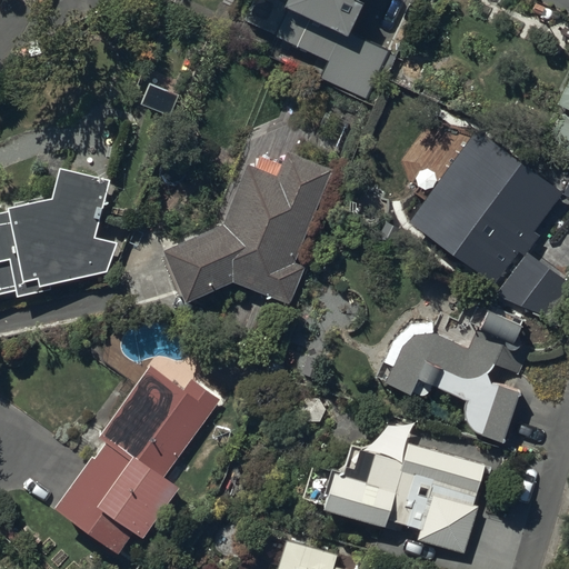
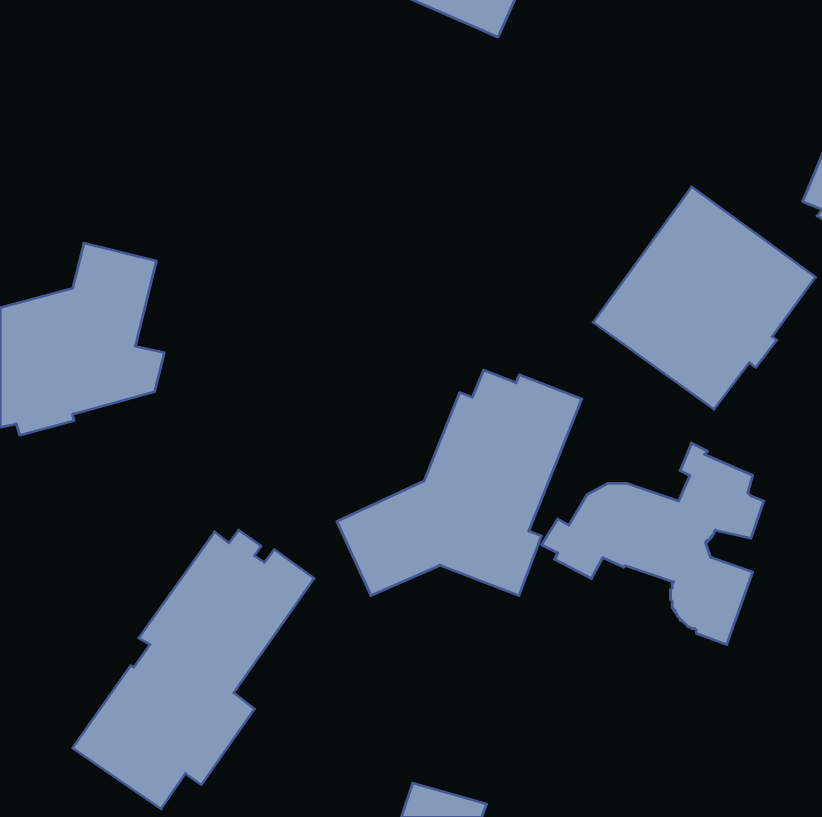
building: [162,150,331,306] -> [337,370,582,596]
building: [496,251,560,311] -> none
building: [302,425,488,553] -> none

